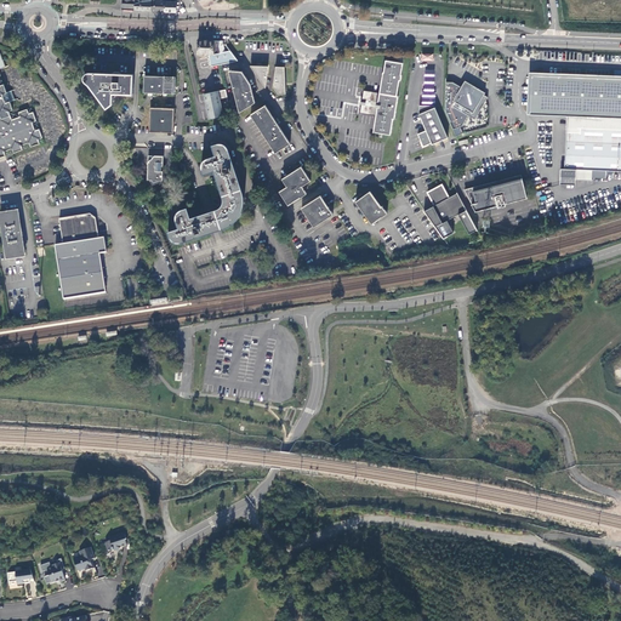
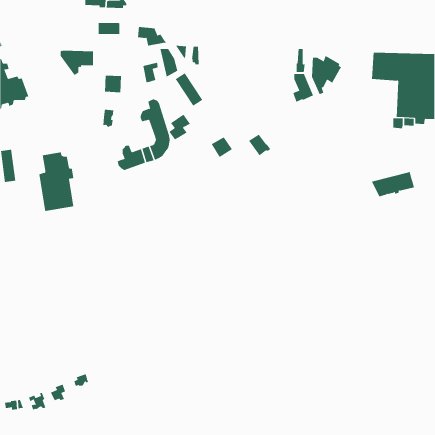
building: [359,59,401,133] -> none
building: [143,75,175,92] -> [98,22,120,34]
building: [278,165,309,203] -> [169,114,191,140]
building: [463,175,525,211] -> [371,171,415,197]
building: [422,183,465,226] -> none

